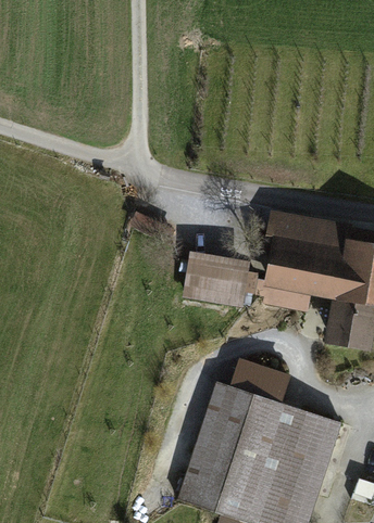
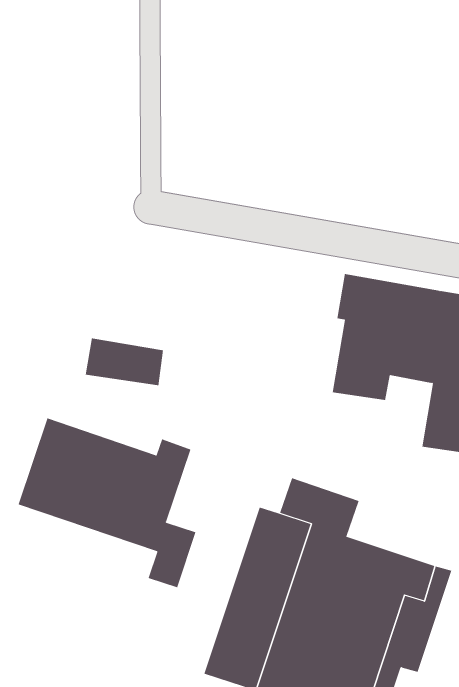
building: [187,259,242,293] -> [85,338,164,386]
building: none -> [18,418,196,588]

